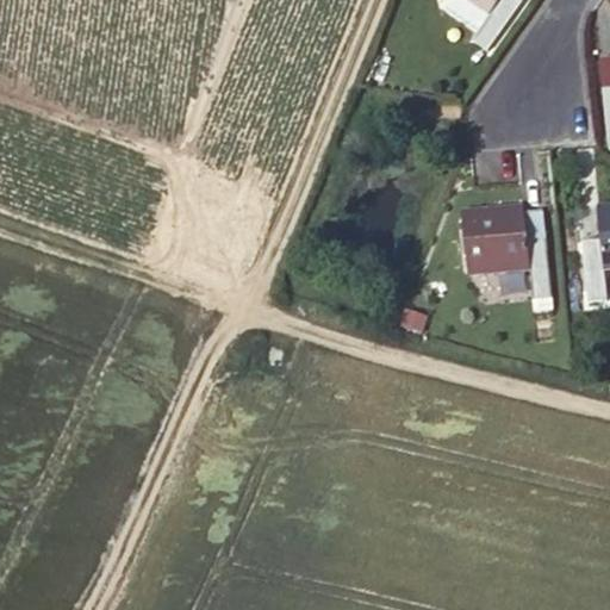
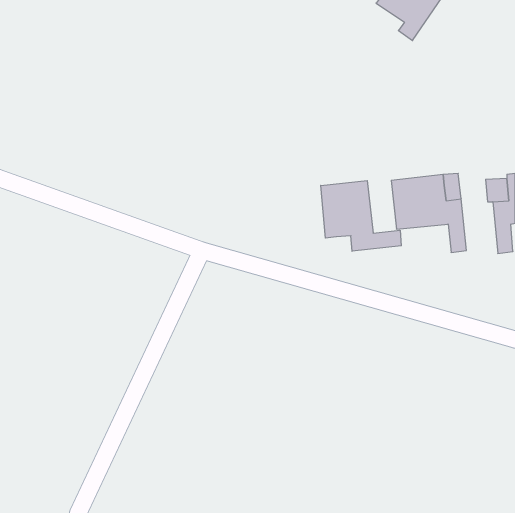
building: none -> [321,181,401,251]

